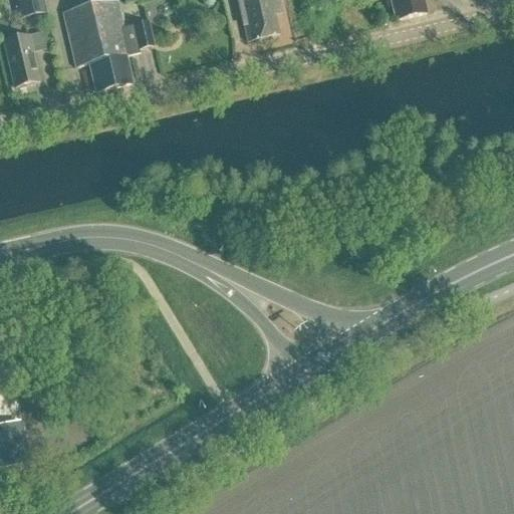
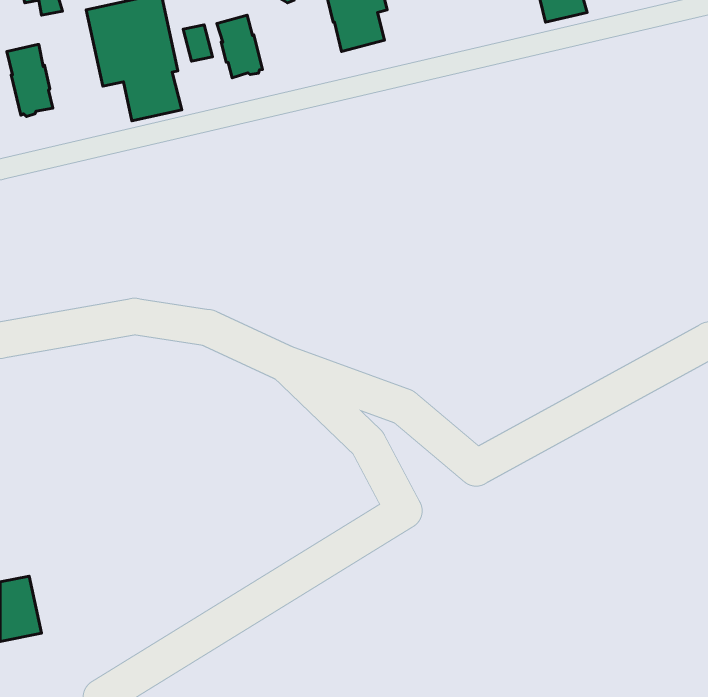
building: none -> [217,15,263,78]

